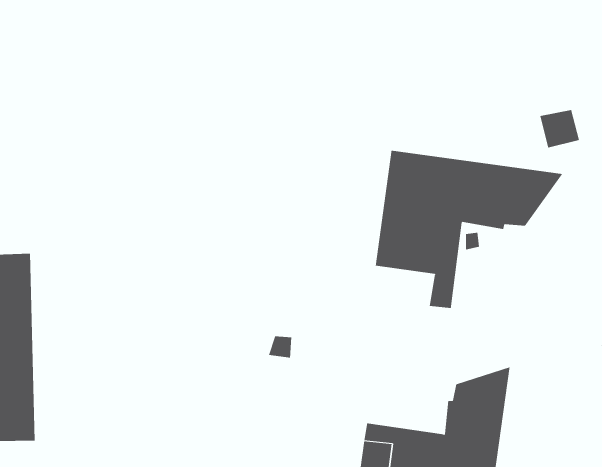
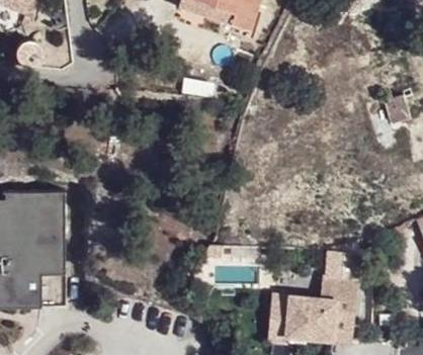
building: [375,150,563,309] -> none

